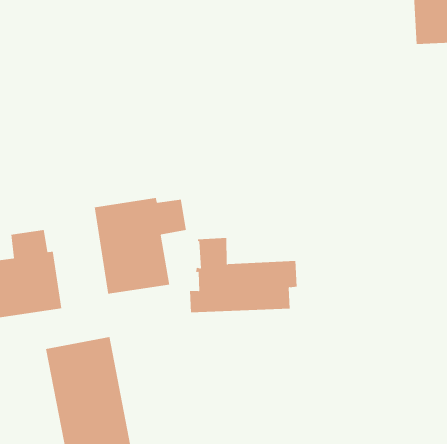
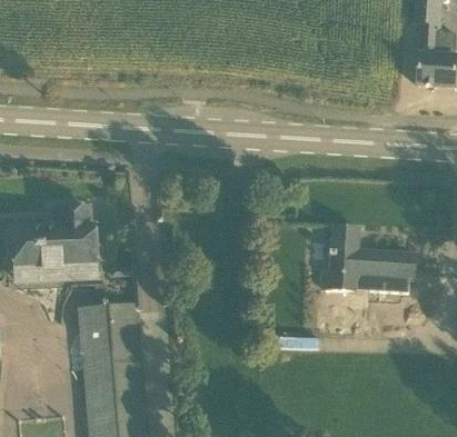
building: [94,197,186,294] -> none
building: [189,237,297,313] -> [318,224,411,290]

